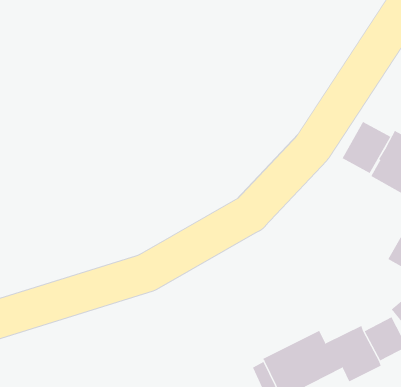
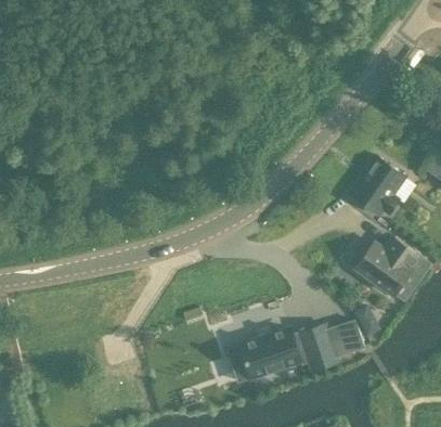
building: [342,121,391,174] -> none

